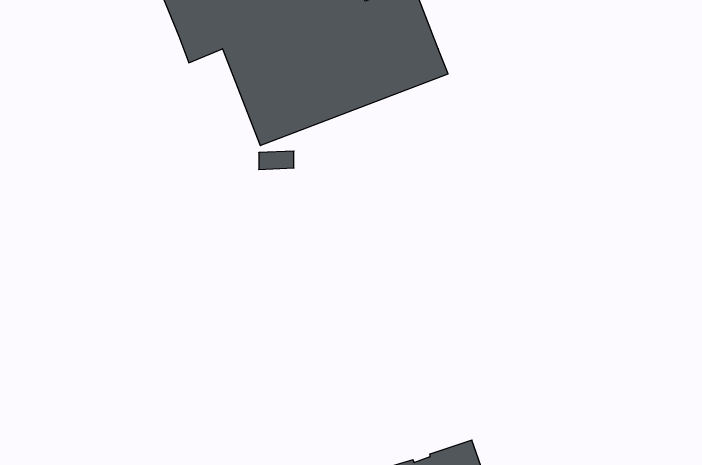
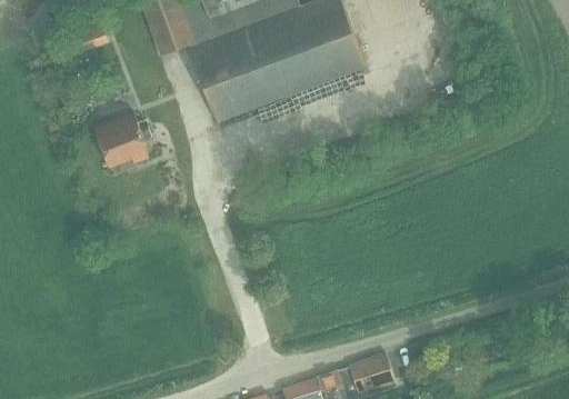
building: none -> [94,119,152,169]

